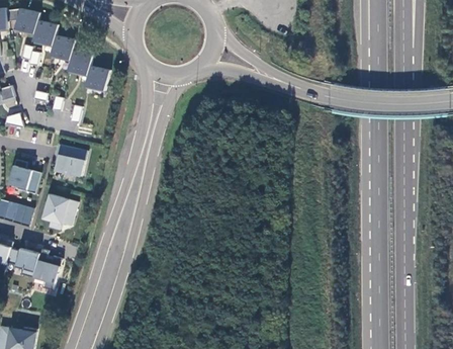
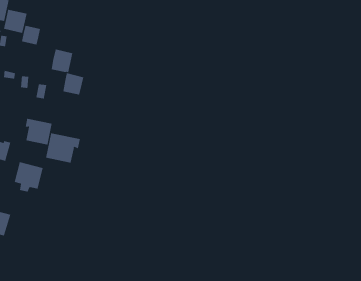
building: [68,53,92,78] -> [63,72,84,95]
building: none -> [45,132,80,164]
building: [33,248,62,288] -> none

